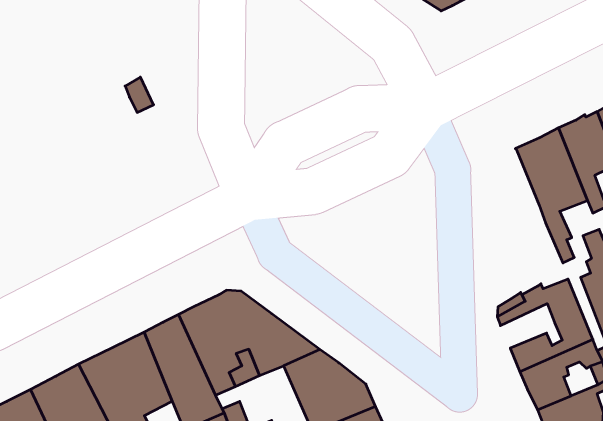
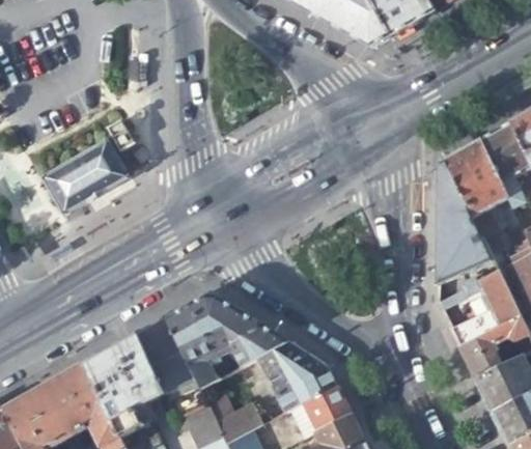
building: none -> [45,138,131,213]
building: none -> [436,161,494,284]

